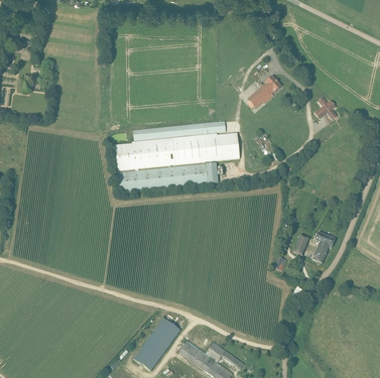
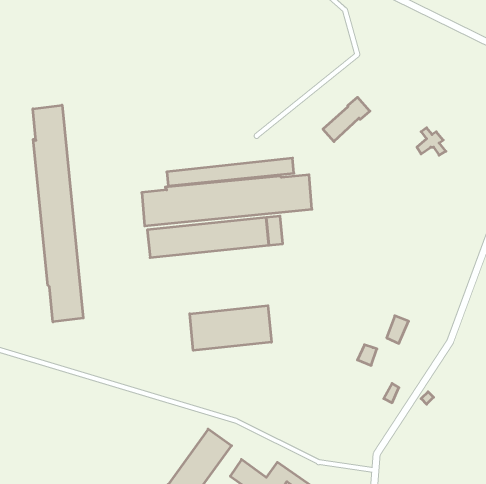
building: none -> [33,105,83,322]
building: none -> [190,306,271,350]
building: [311,232,335,263] -> none

